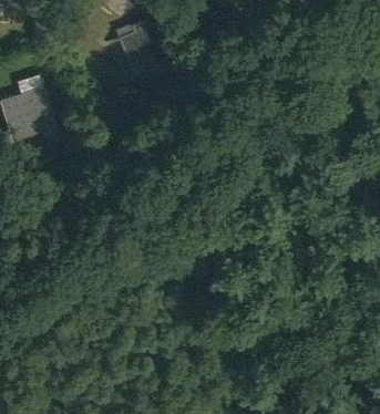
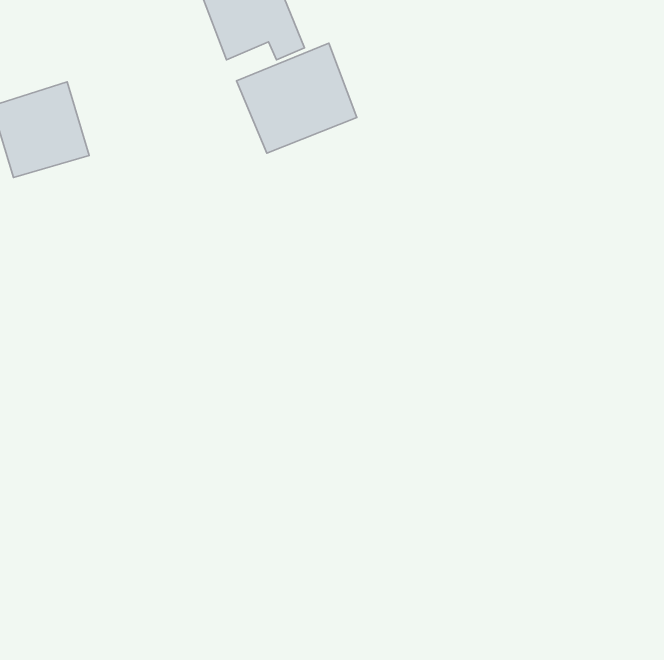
building: none -> [237,43,357,153]

